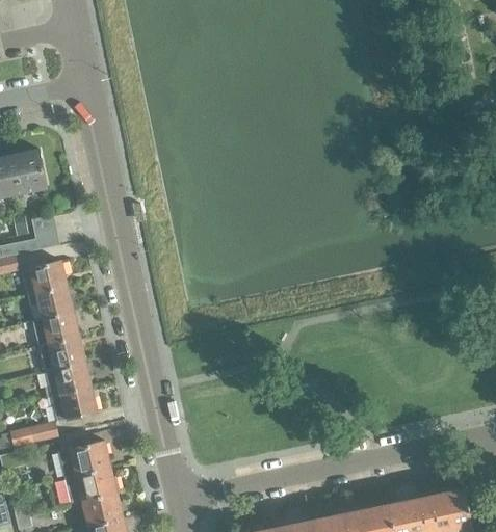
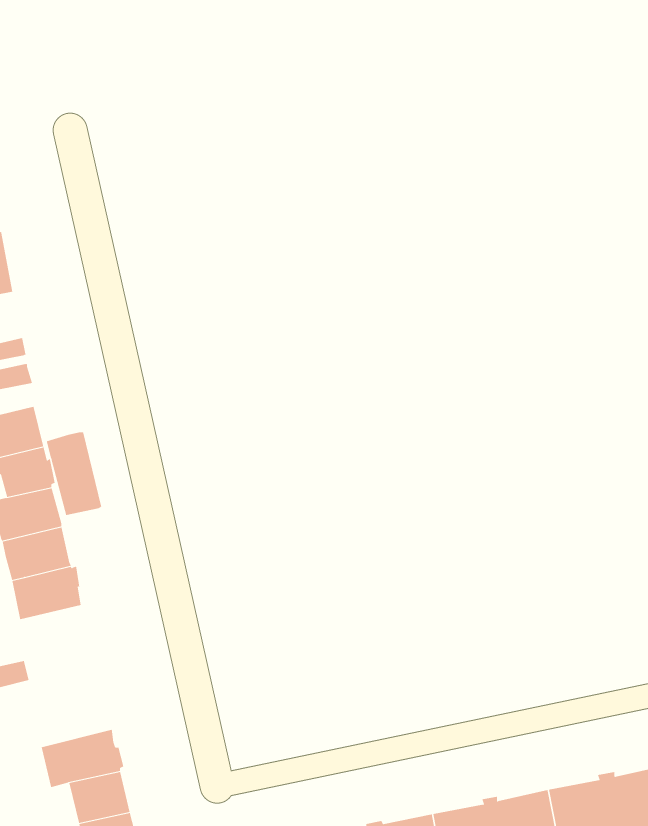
building: none -> [46,431,102,516]
building: [52,387,98,421] -> none
building: [59,441,111,477] -> none

